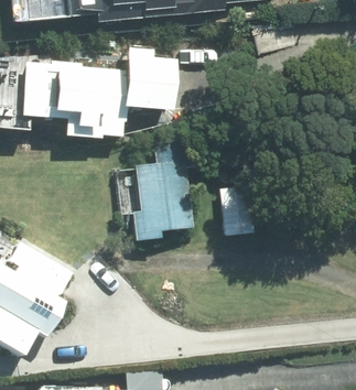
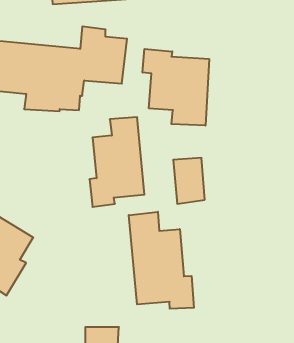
building: none -> [143,49,209,126]
building: none -> [129,212,194,309]

